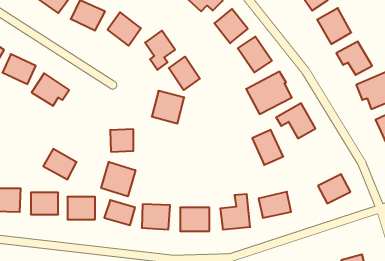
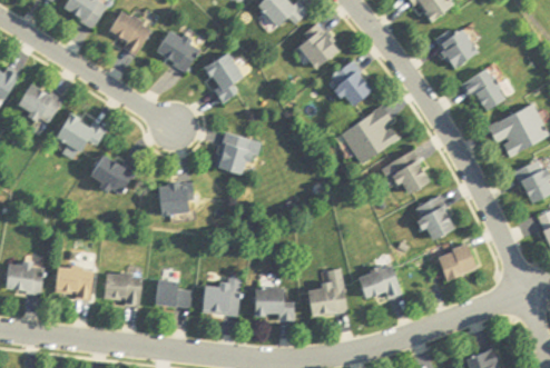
building: [169,57,200,90] -> none
building: [252,130,283,165] -> [415,196,456,242]
building: [43,149,77,180] -> [88,153,132,195]
building: [101,162,135,196] -> none

